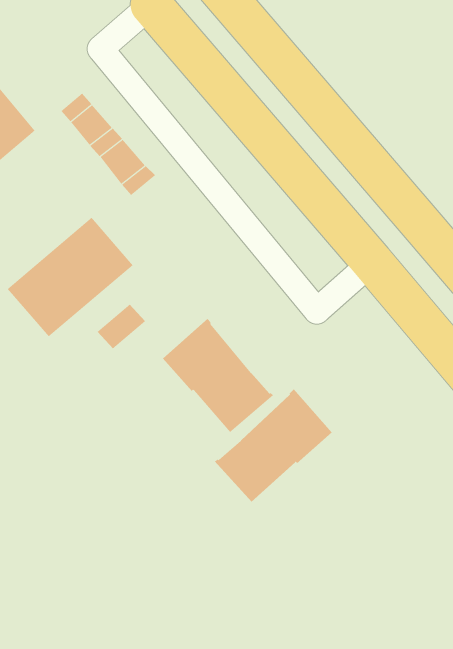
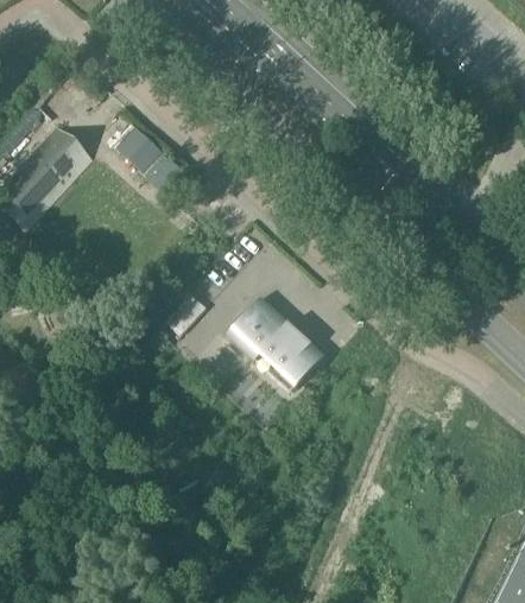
building: [7,217,133,337] -> none
building: [214,389,333,502] -> none

